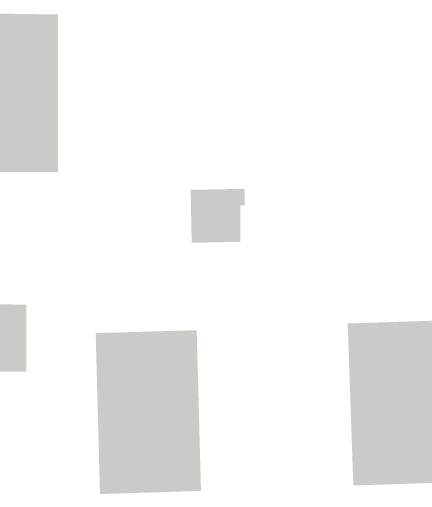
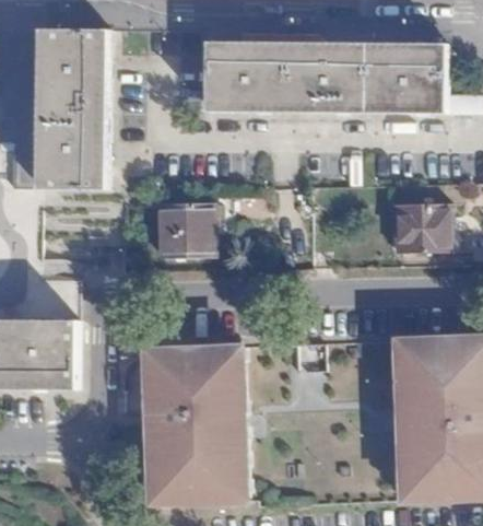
building: none -> [203,42,440,110]
building: none -> [387,201,444,250]
building: [190,189,245,243] -> [153,201,209,256]

